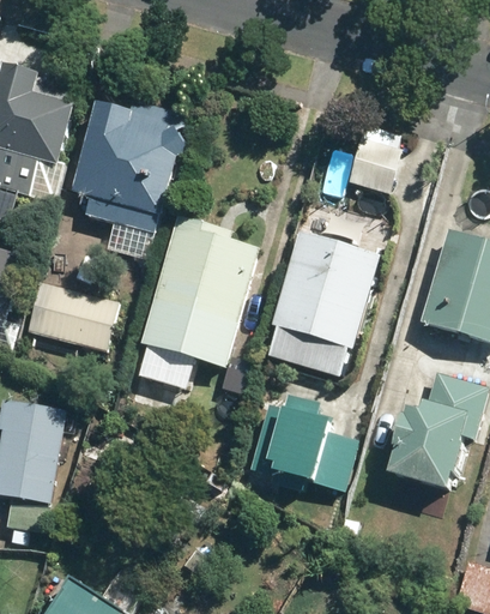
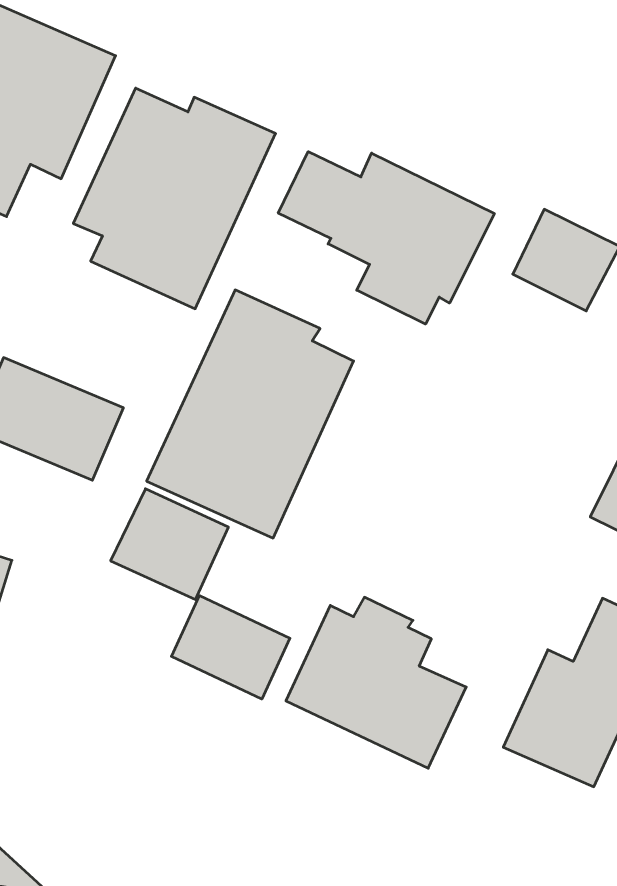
building: none -> [278,152,494,324]
building: [266,231,379,377] -> none
building: none -> [171,596,290,699]

